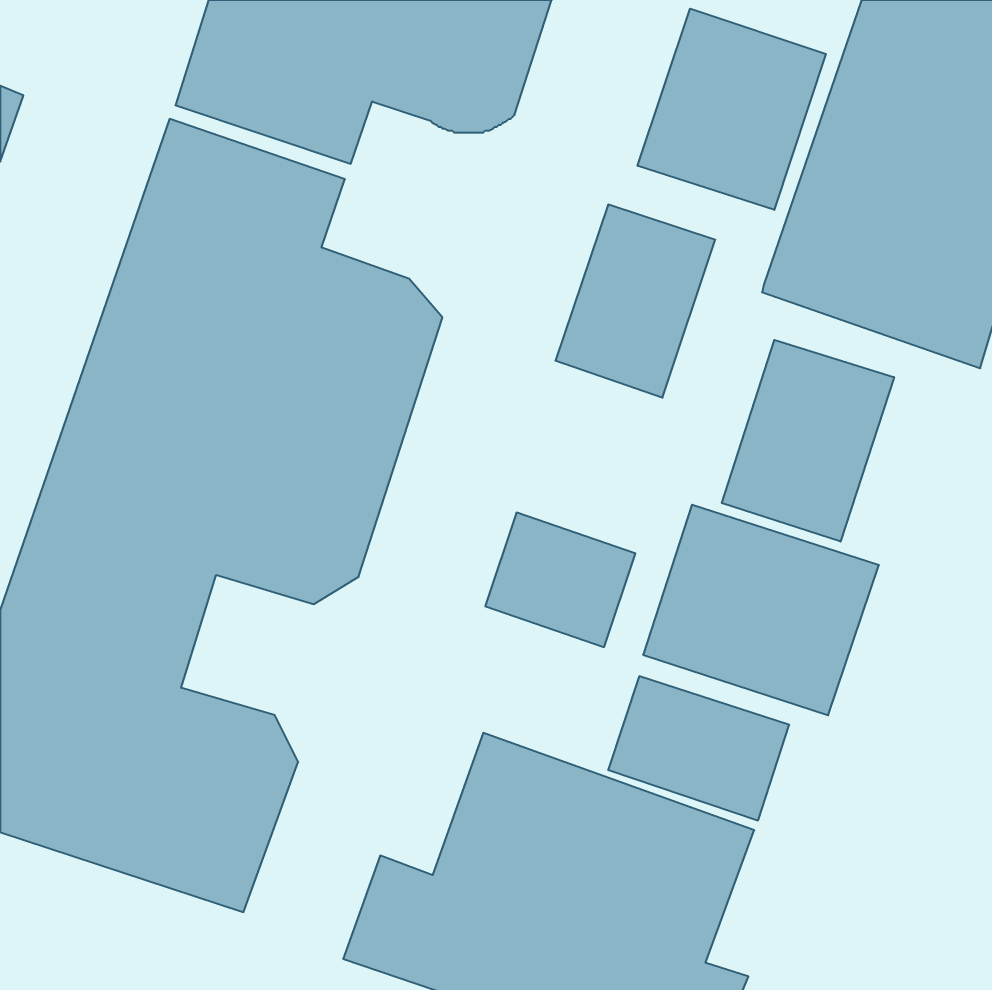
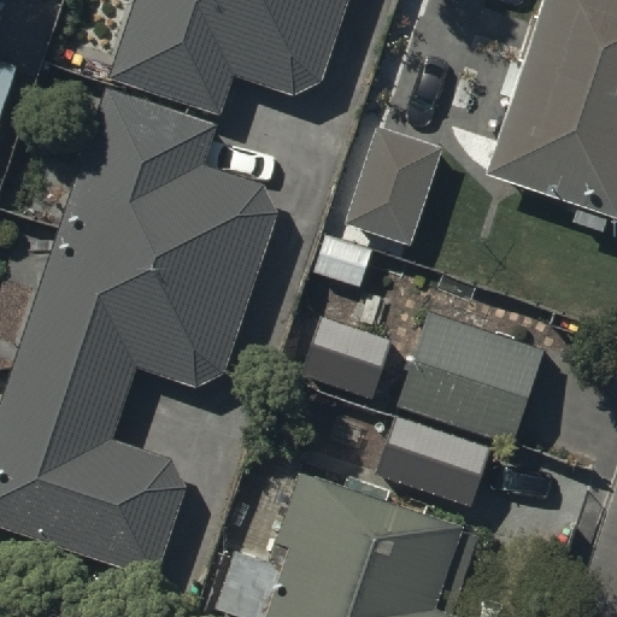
building: [638,9,826,210] -> none
building: [722,340,894,542] -> none

